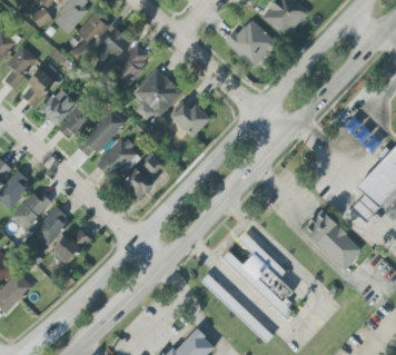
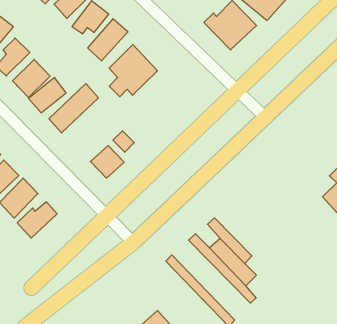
building: [169,101,210,138] -> none
building: [96,137,138,179] -> none
building: [301,210,362,268] -> none

